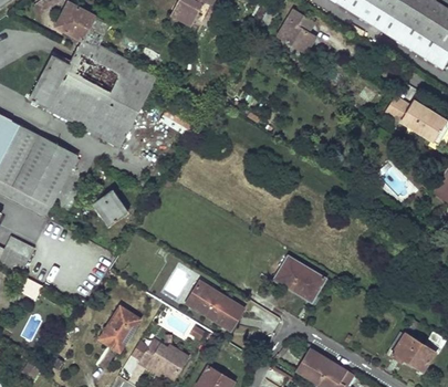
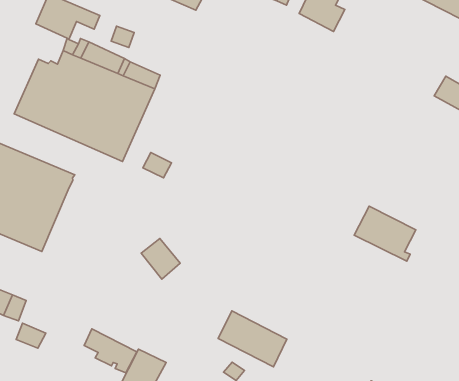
building: [94,191,126,226] -> [141,239,180,279]
building: [274,255,326,304] -> [354,206,416,261]
building: none -> [84,329,137,373]

